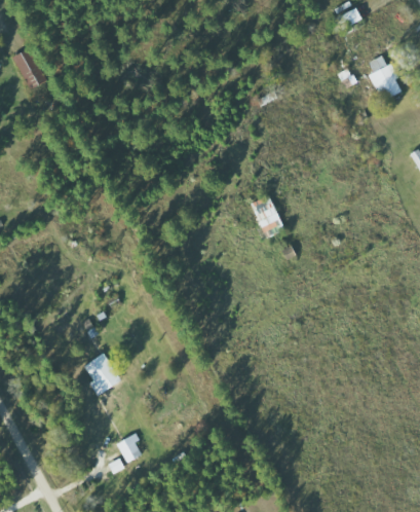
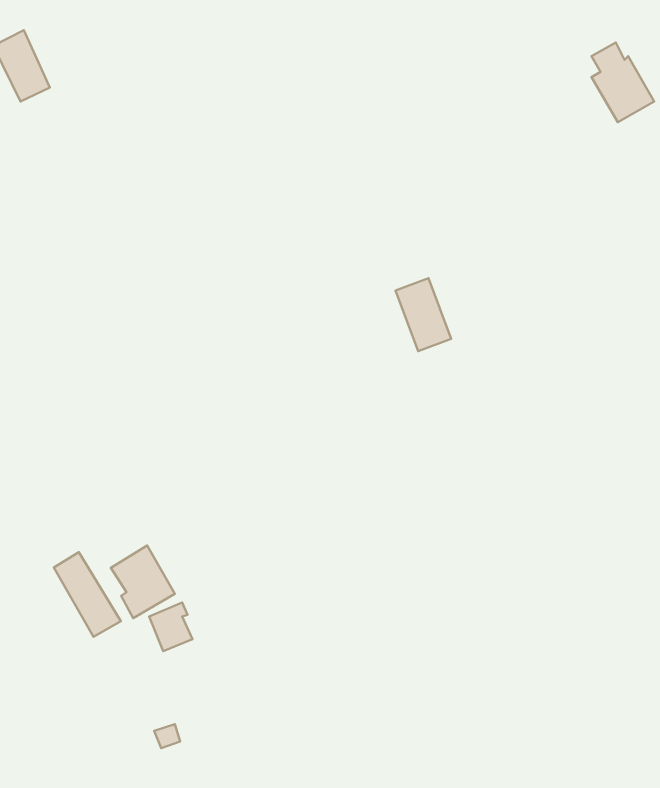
building: none -> [54,552,121,637]
building: [116,434,142,463] -> [149,603,193,651]

